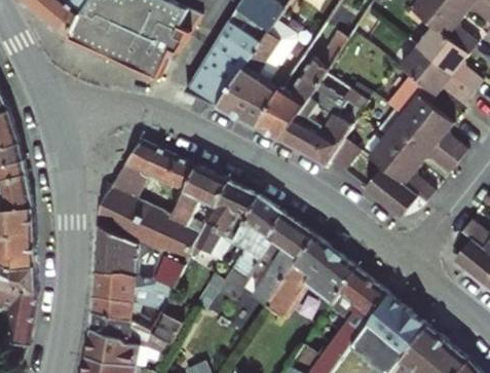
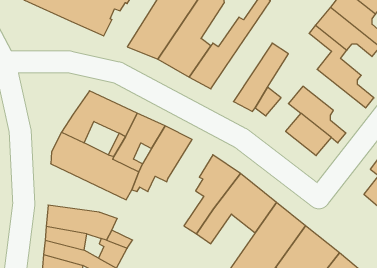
building: [280,82,350,153] -> none
building: [385,116,457,172] -> none
building: [206,196,282,302] -> none
building: [95,224,184,287] -> none

